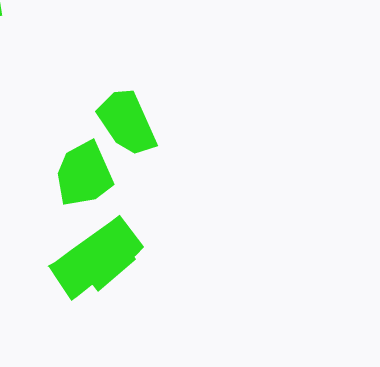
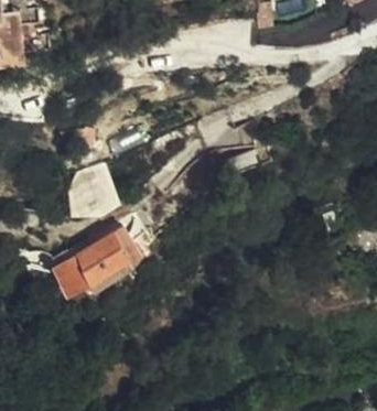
building: [94,90,160,154] -> none

